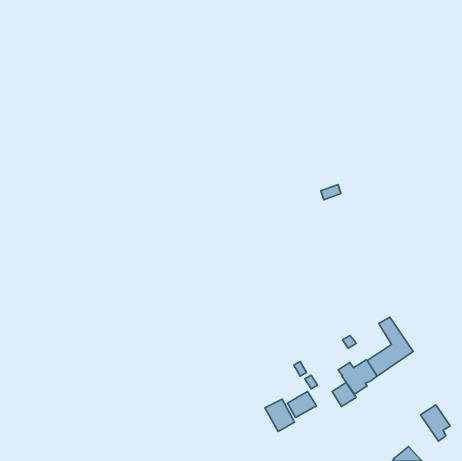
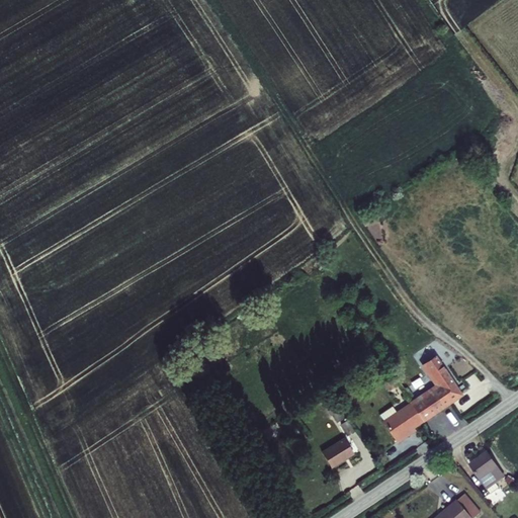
building: [332,382,356,406] -> none
building: [265,399,294,431] -> none

